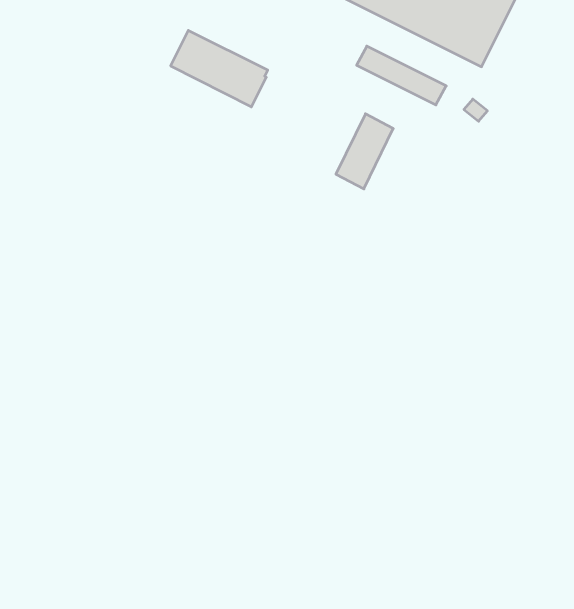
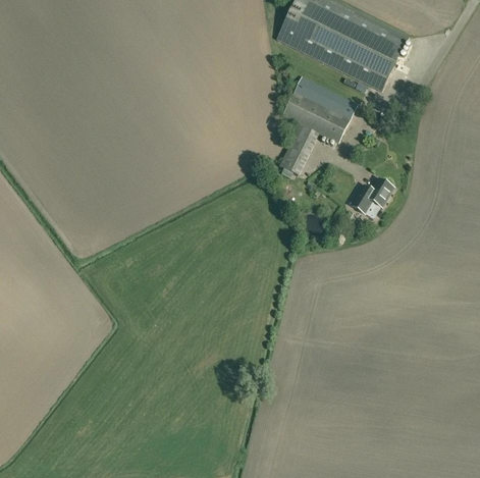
building: [171,30,268,107] -> [281,90,349,143]
building: none -> [352,178,393,213]

